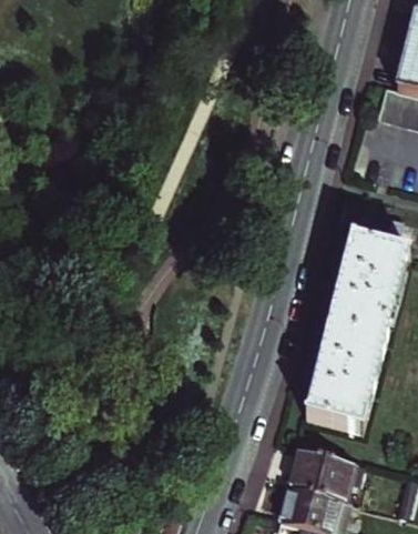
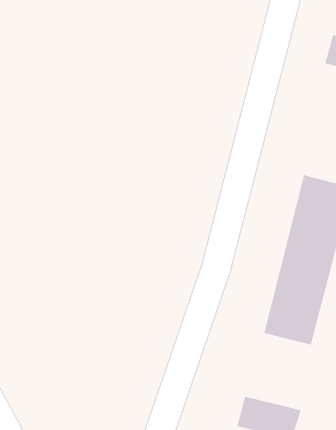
building: [288,450,351,500] -> none

